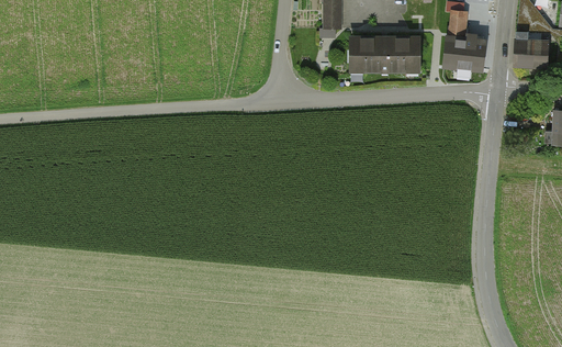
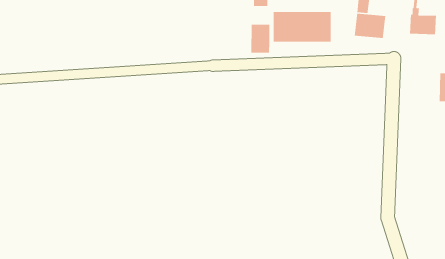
building: none -> [251,24,270,53]

